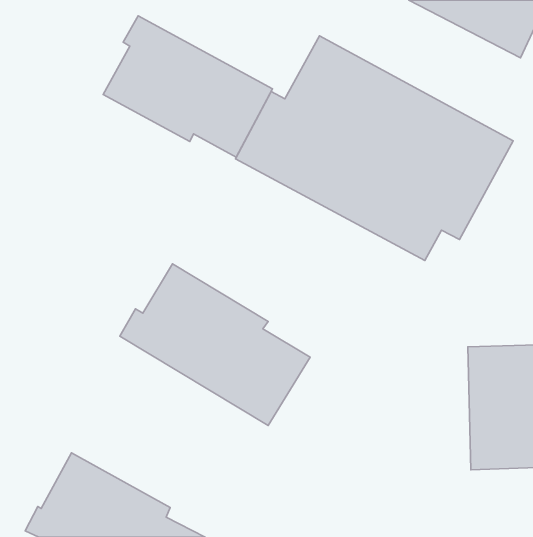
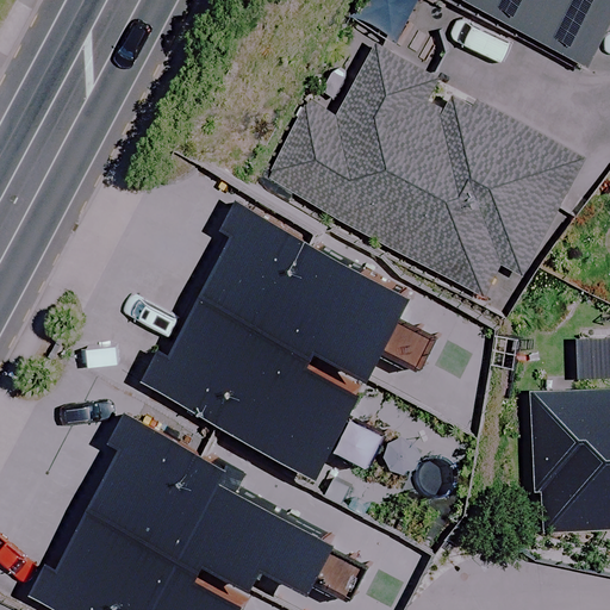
building: [103,16,273,157] -> none
building: none -> [200,206,409,385]
building: none -> [86,418,329,595]

